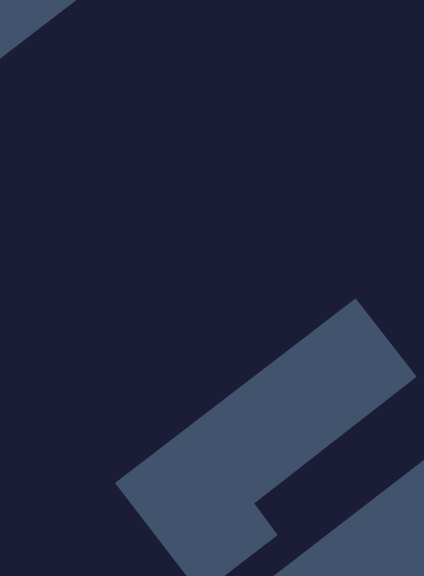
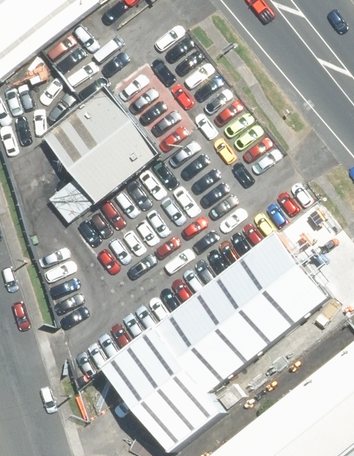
building: none -> [41,96,151,208]

